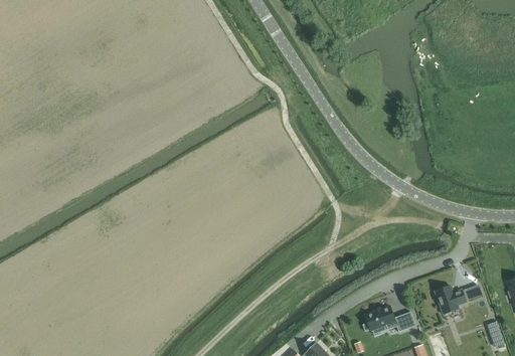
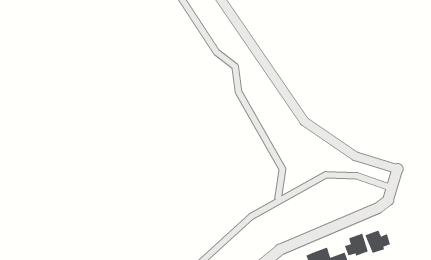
building: none -> [344,233,368,257]

